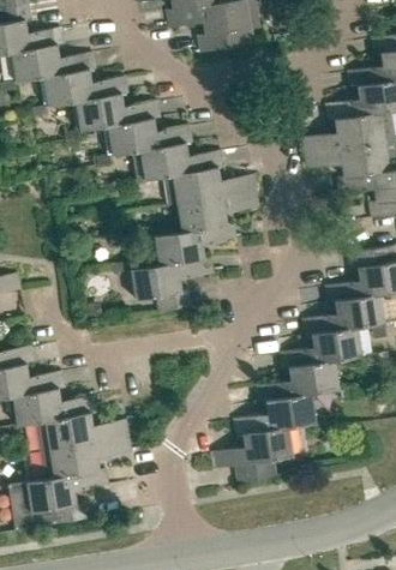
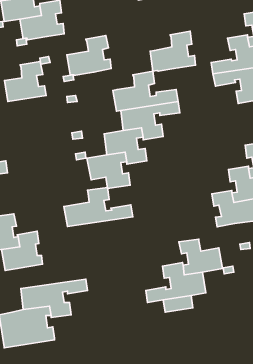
building: [74,76,132,131] -> [4,61,46,101]
building: [133,125,196,180] -> [150,31,195,71]
building: [280,348,338,398] -> none
building: [34,396,128,450] -> [64,187,133,227]

